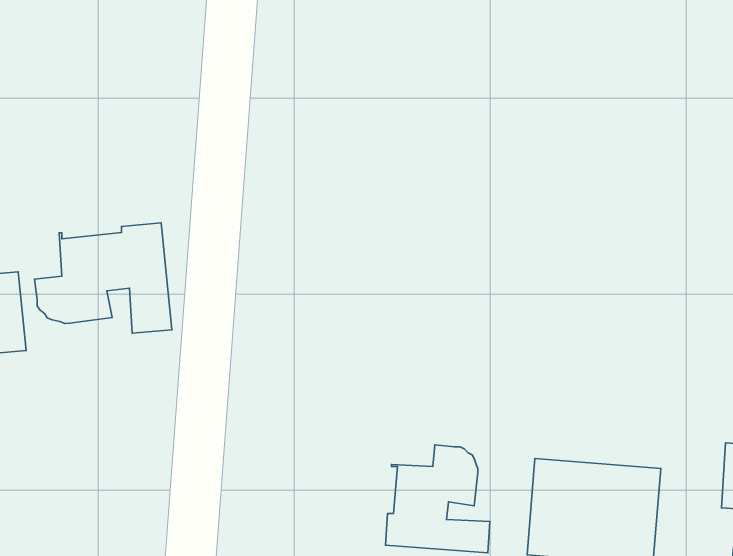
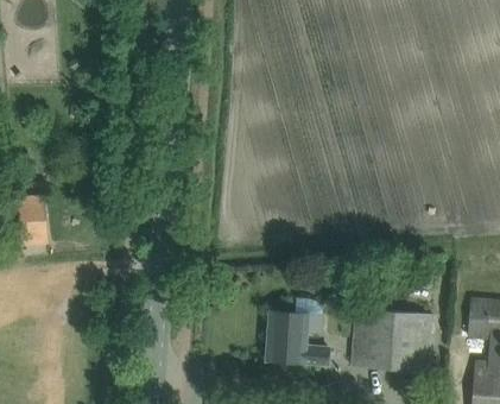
building: [35,223,172,333] -> none

